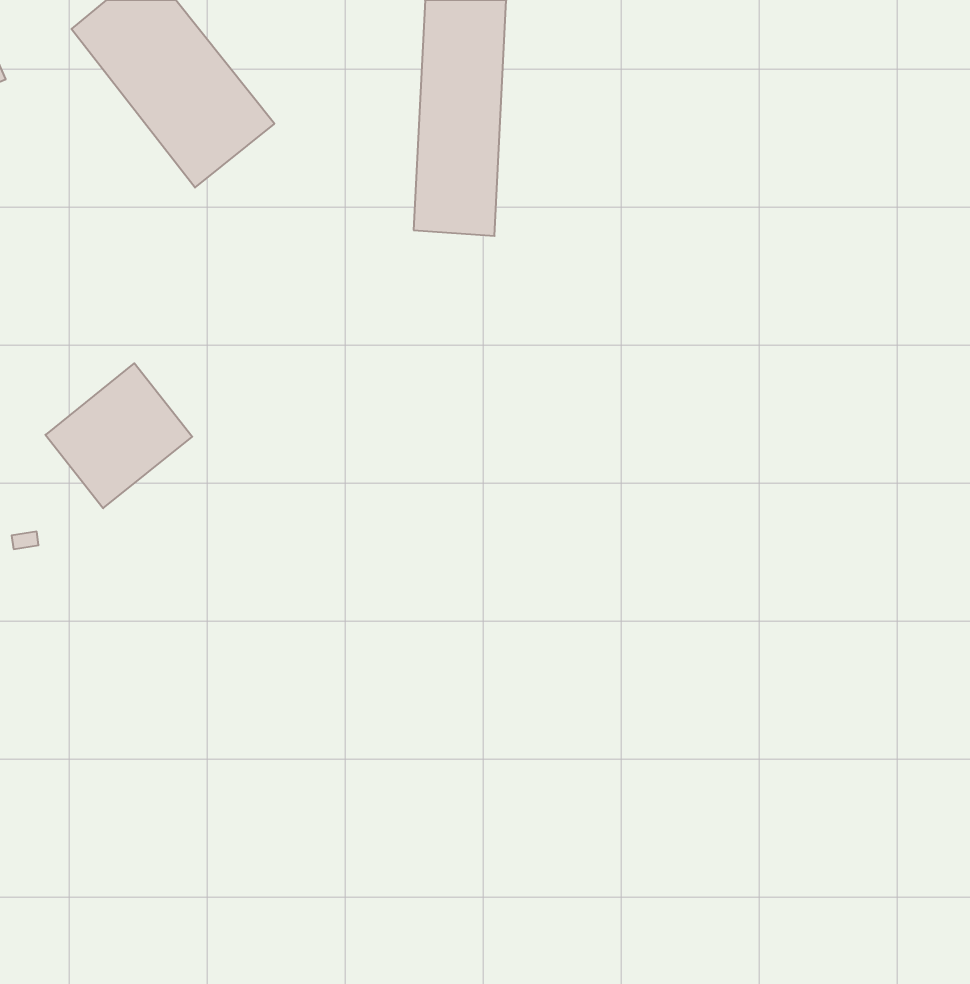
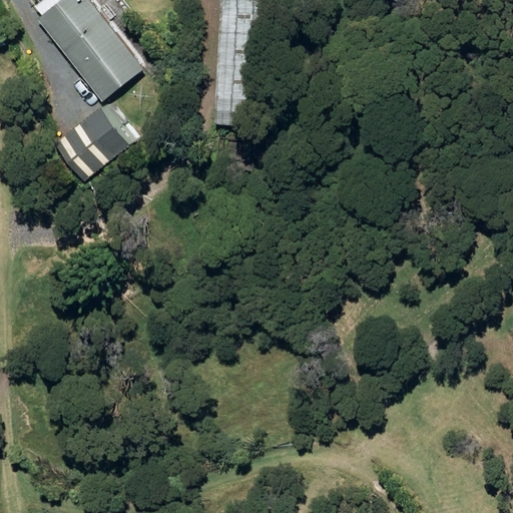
building: [45,363,192,508] -> [50,108,126,183]

